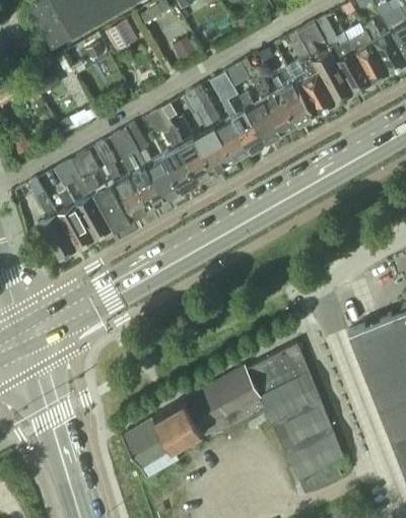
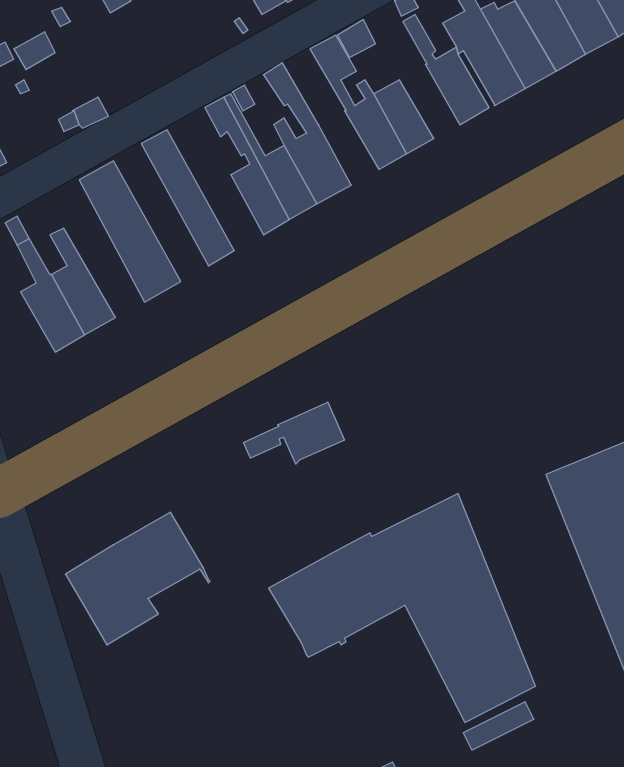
building: [249,70,297,134] -> none
building: [193,85,250,161] -> none
building: [125,124,182,200] -> none
building: [93,141,149,218] -> none
building: [54,158,112,240] -> none
building: none -> [243,402,345,464]
building: [123,399,208,477] -> [65,512,210,645]

